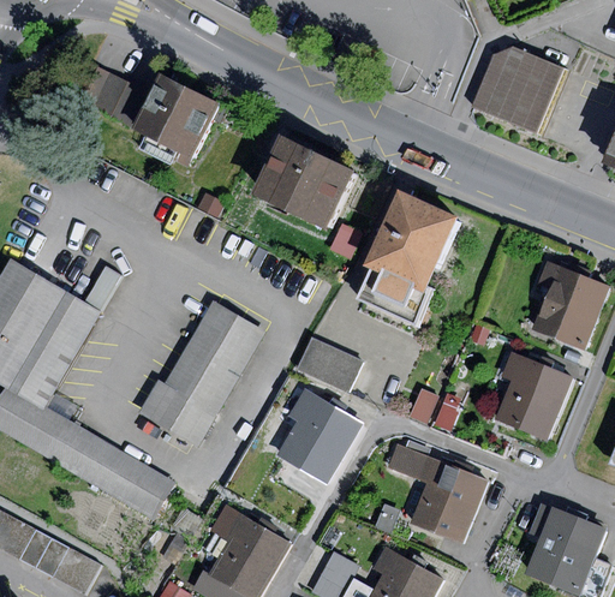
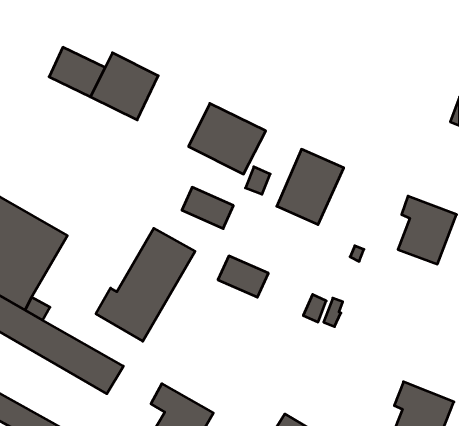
building: [472,46,568,135] -> none
building: [360,273,428,327] -> [182,187,233,229]
building: [492,353,571,441] -> none
building: [279,388,360,482] -> none
building: [386,443,488,543] -> none

